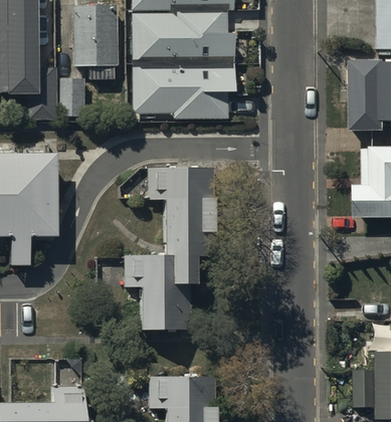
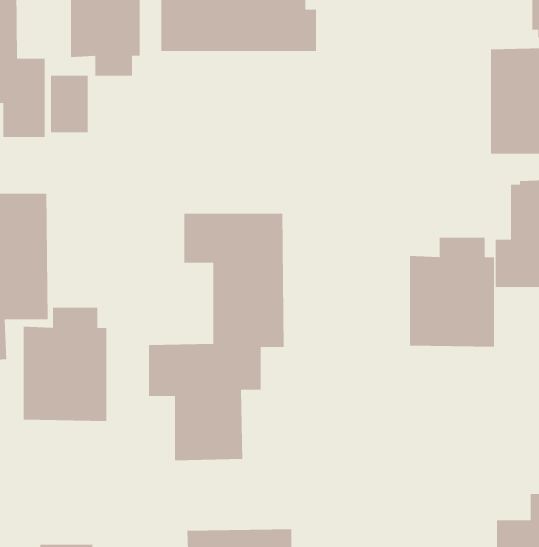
building: [132,62,234,118] -> none
building: none -> [409,237,495,348]
building: none -> [23,307,107,422]

